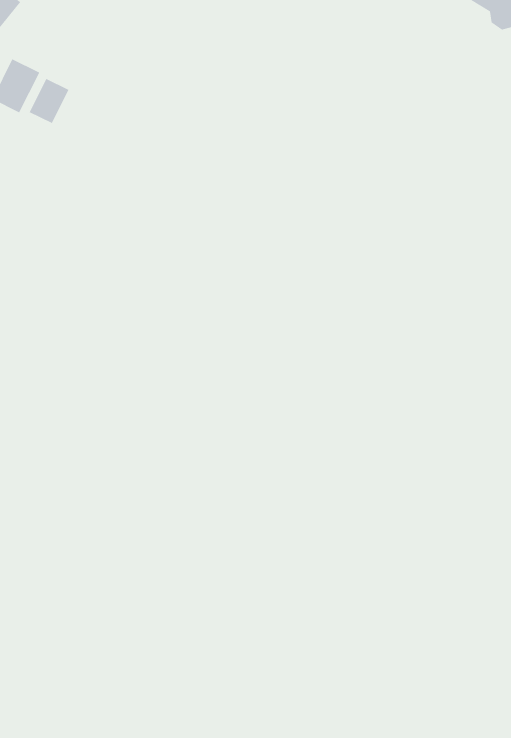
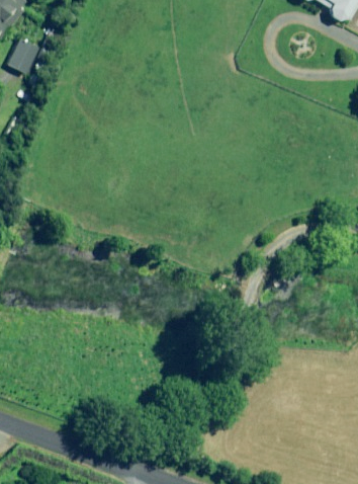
building: [29,78,69,124] -> none

